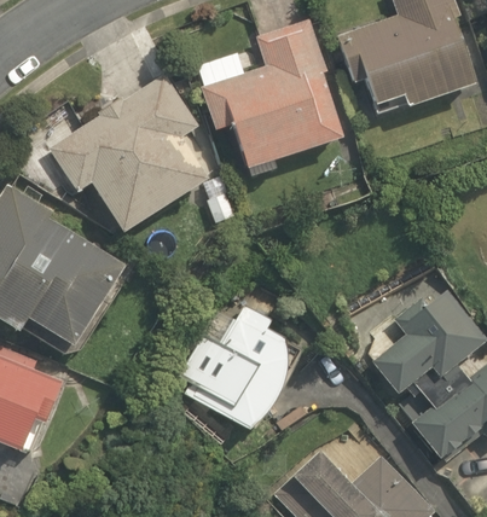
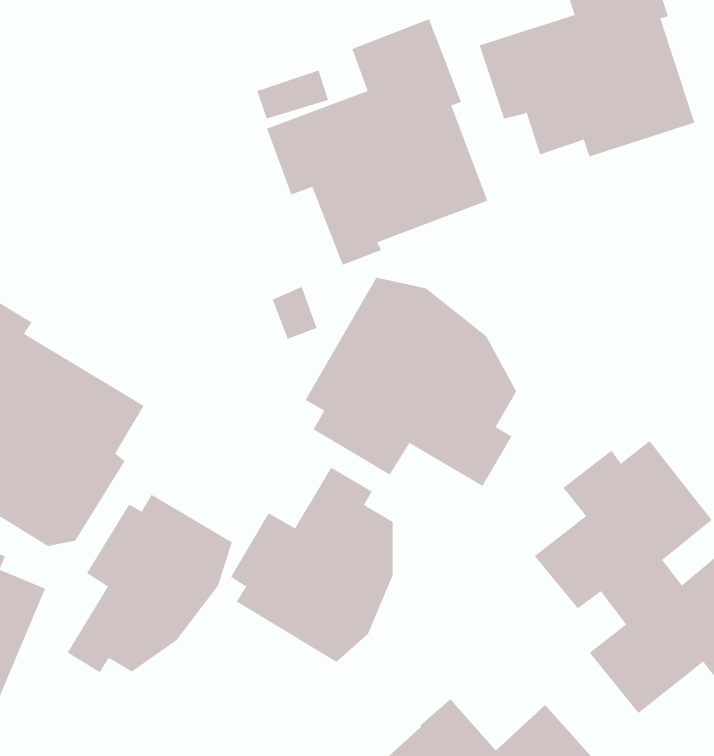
building: [50,75,207,234] -> none
building: none -> [305,277,517,487]
building: none -> [67,494,233,673]

